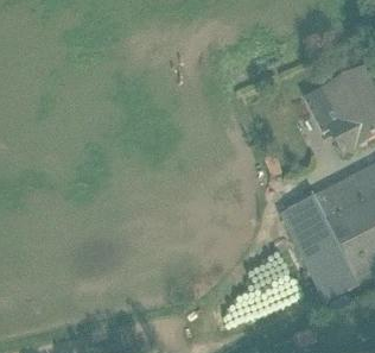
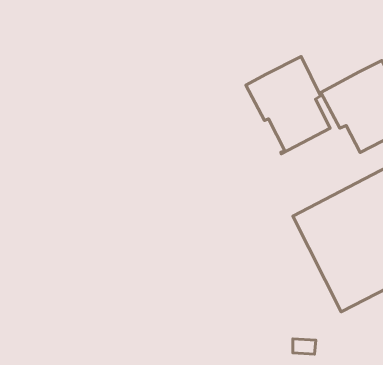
building: none -> [246,57,330,154]

